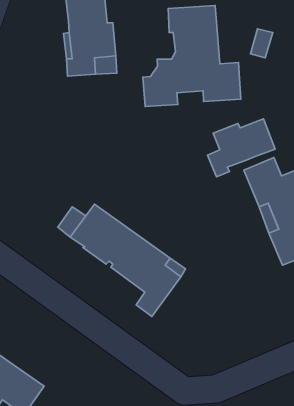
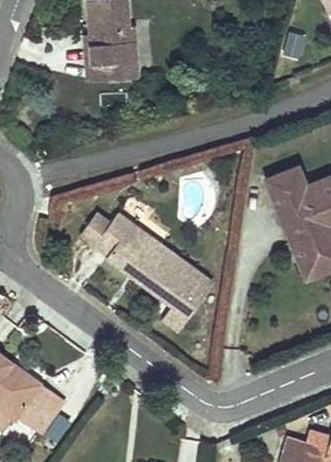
building: [143,5,241,107] -> none
building: [208,119,275,177] -> none

